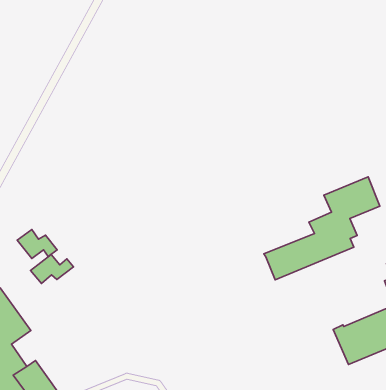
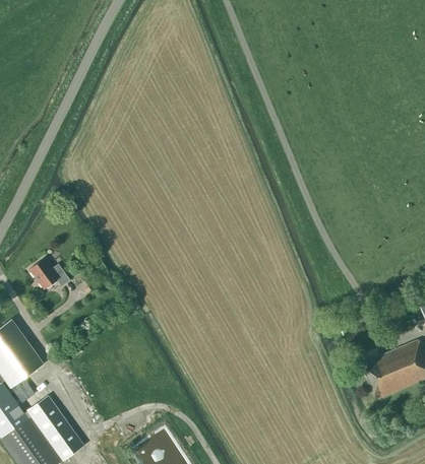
building: [264,177,380,280] -> none
building: [31,254,73,283] -> none

